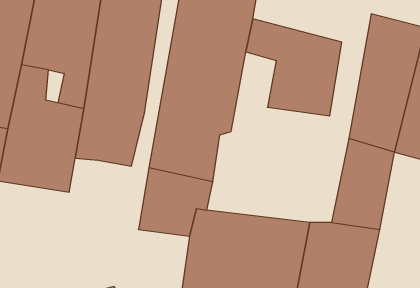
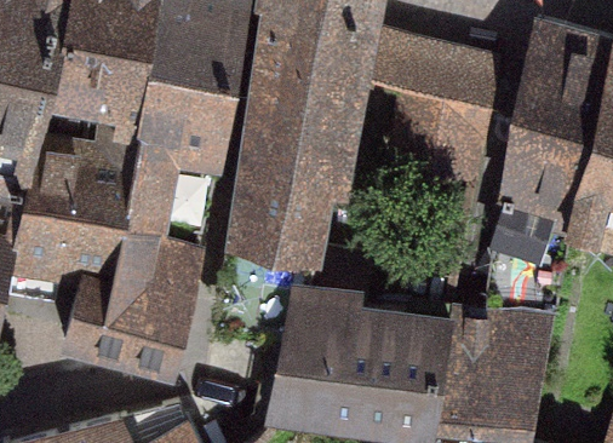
building: none -> [68,226,202,375]

